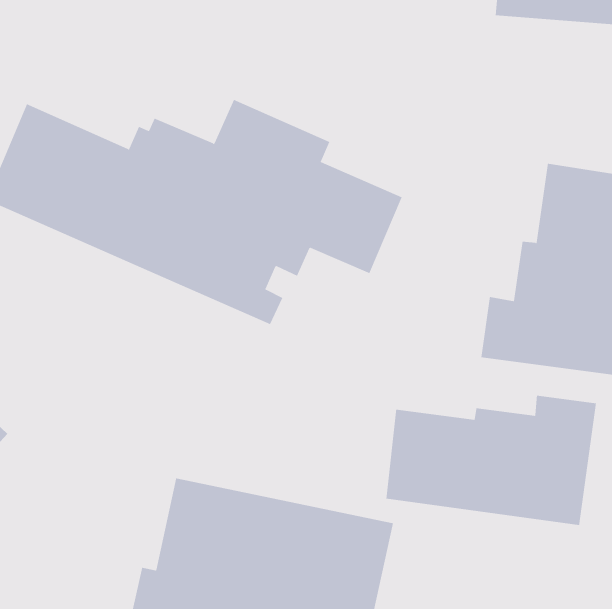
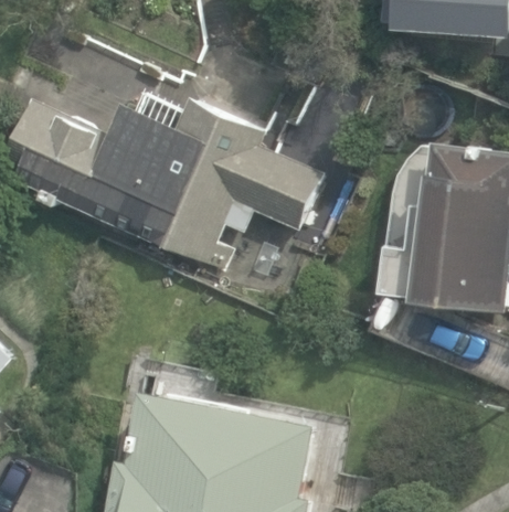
building: [386,395,597,526] -> none

